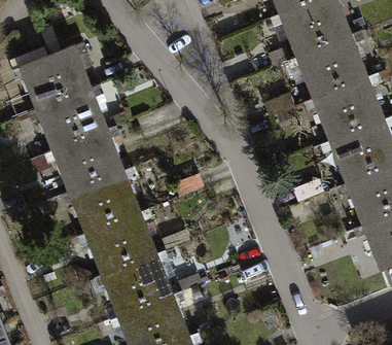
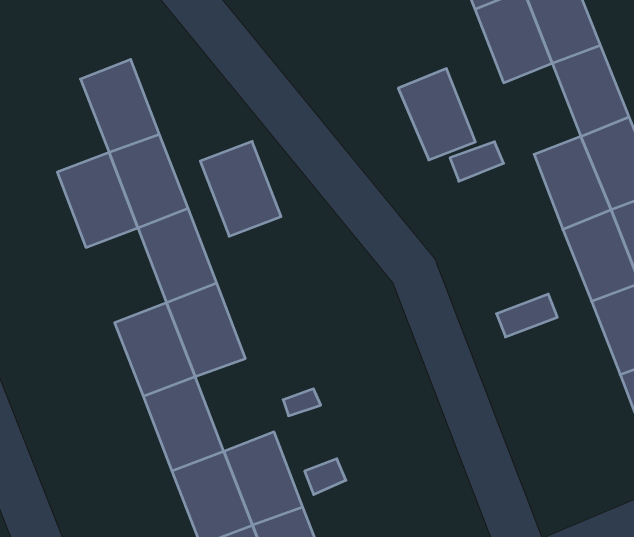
building: [293,45,337,98] -> [398,69,475,160]
building: [21,55,67,108] -> none
building: [54,140,100,195] -> [200,141,281,236]
building: [116,215,162,269] -> none

